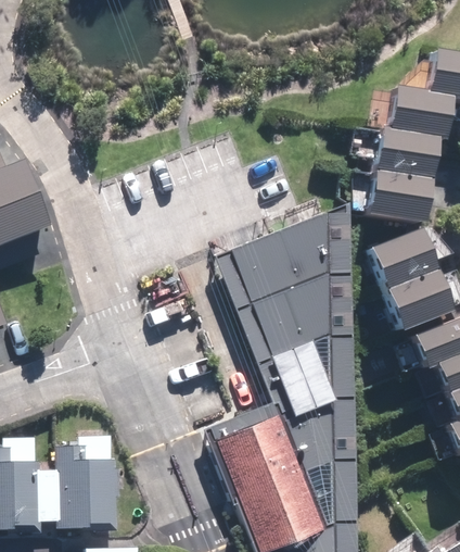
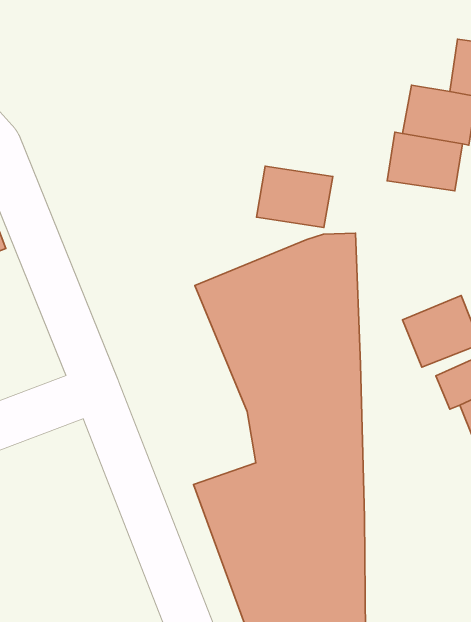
building: [369,168,434,221] -> [256,166,333,227]
building: [373,226,439,287] -> none
building: [56,449,116,529] -> none

